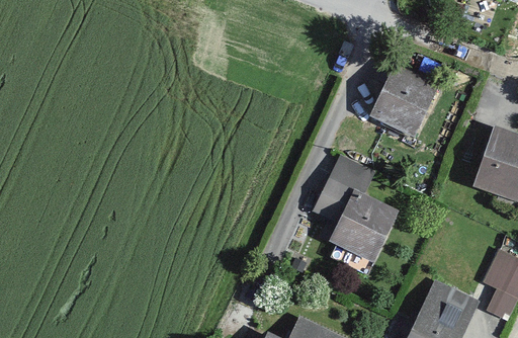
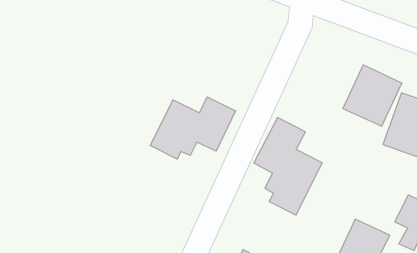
building: [369,65,440,139] -> [343,65,402,126]
building: none -> [150,97,235,159]

